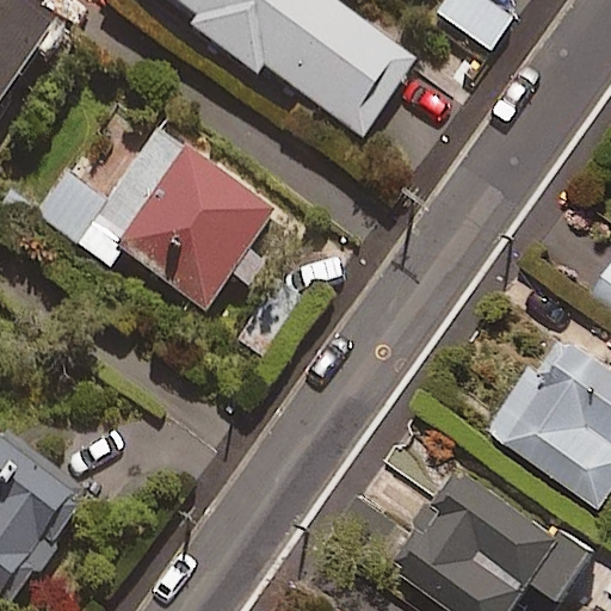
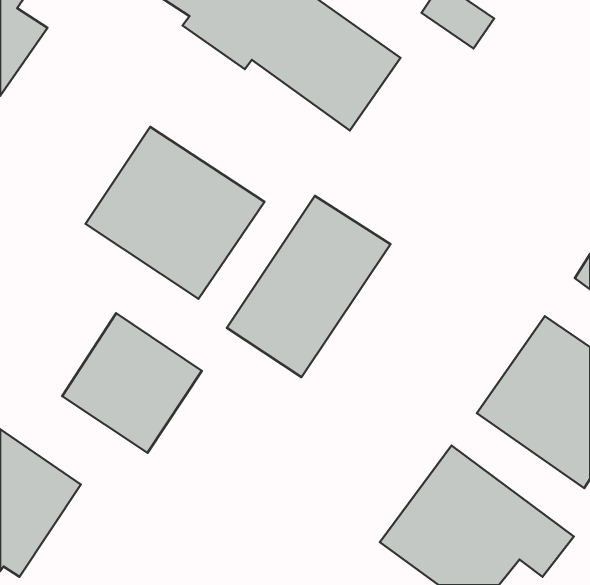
building: none -> [227,196,390,377]
building: none -> [62,313,202,453]

